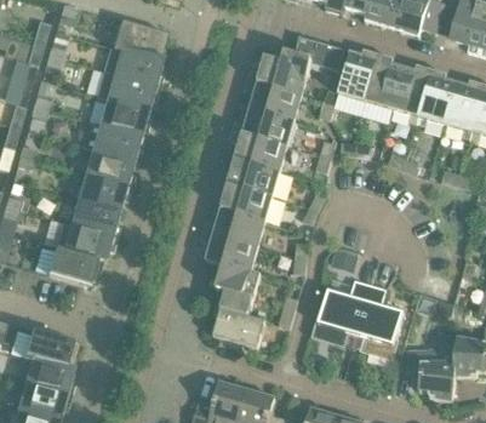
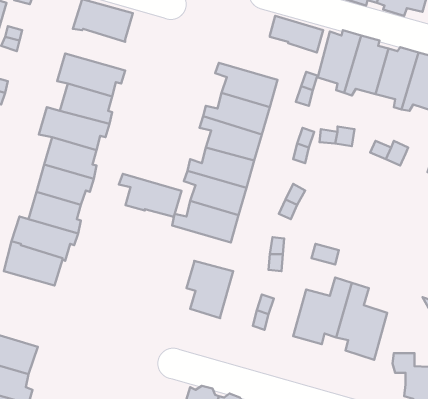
building: [103,47,162,87] -> none
building: [246,52,310,96] -> none
building: [199,231,257,271] -> [119,174,182,217]
building: [212,309,264,348] -> none

